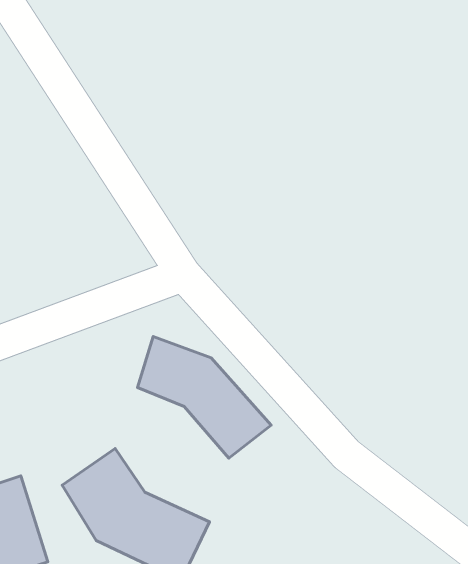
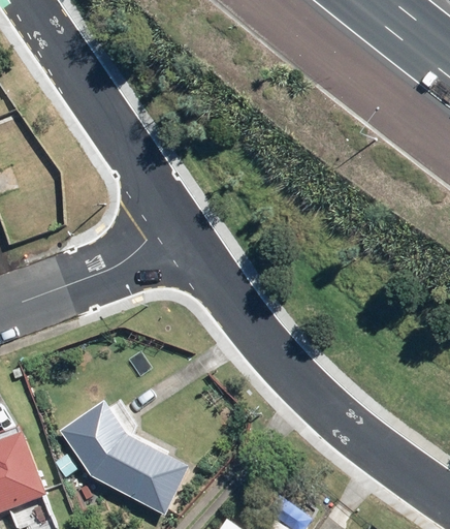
building: [138,336,271,458] -> none

